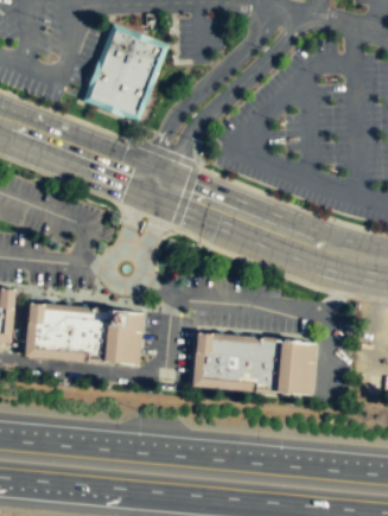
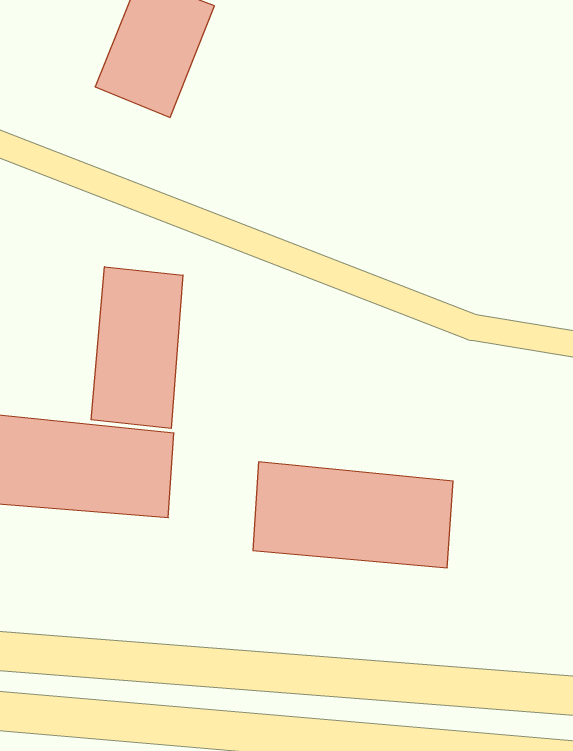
building: none -> [91,267,183,428]

